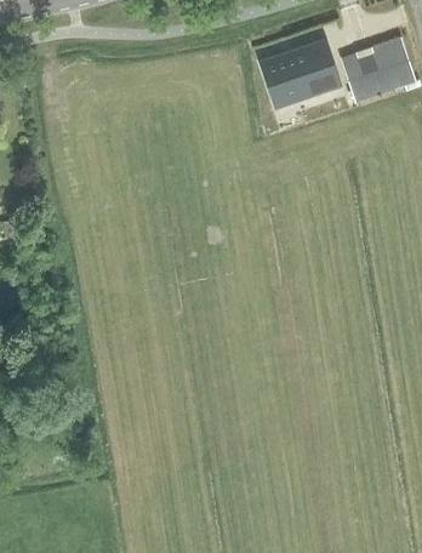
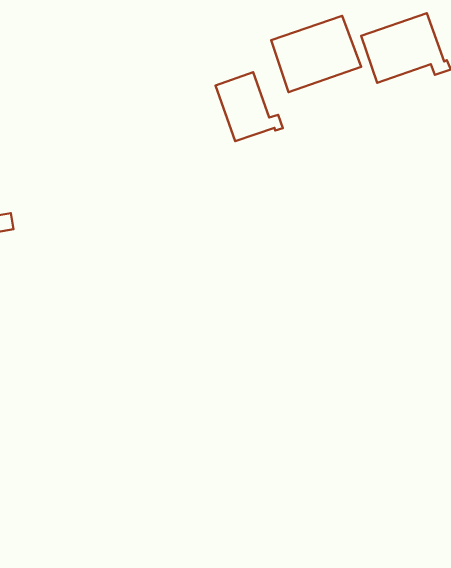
building: none -> [216,72,283,141]

